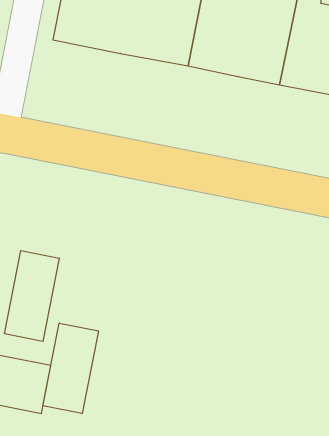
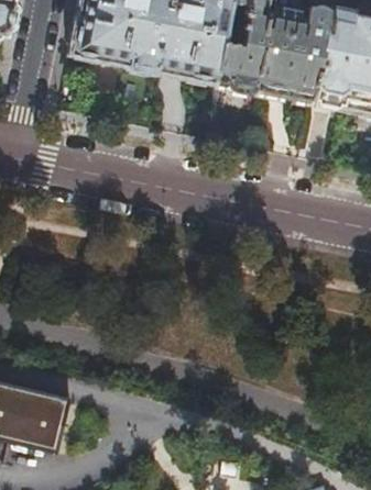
building: [5,251,59,341] -> none
building: [43,323,98,414] -> none

